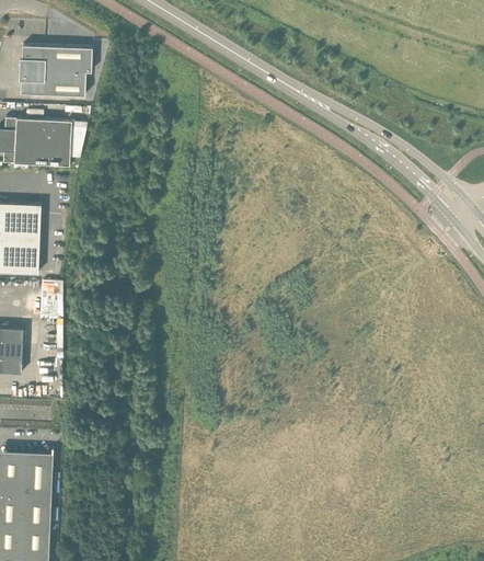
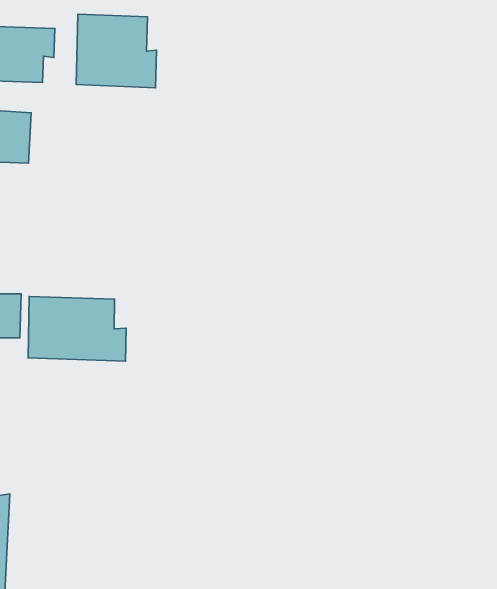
building: none -> [76,14,157,88]
building: none -> [28,297,126,361]

